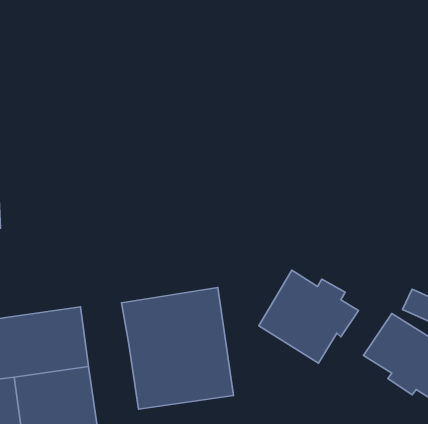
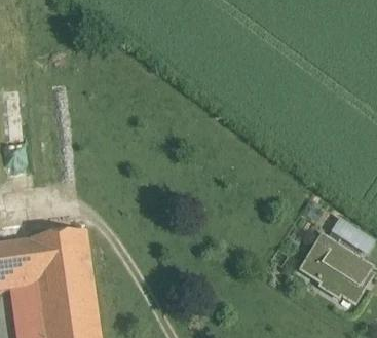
building: [259,270,359,363] -> none
building: [122,288,233,409] -> none

